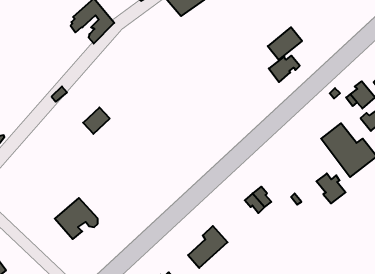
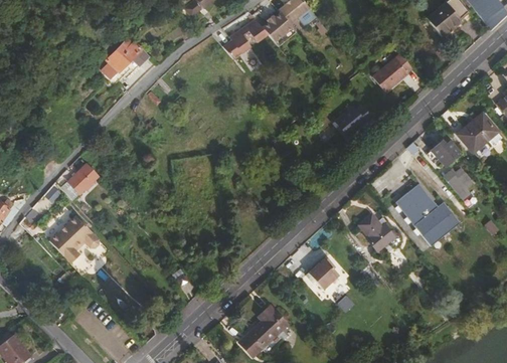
building: [268,27,302,60] -> [375,54,415,93]
building: [83,107,110,134] -> [67,162,99,193]
building: [316,173,346,203] -> [361,215,395,250]
building: [55,198,98,239] -> [48,215,99,263]

